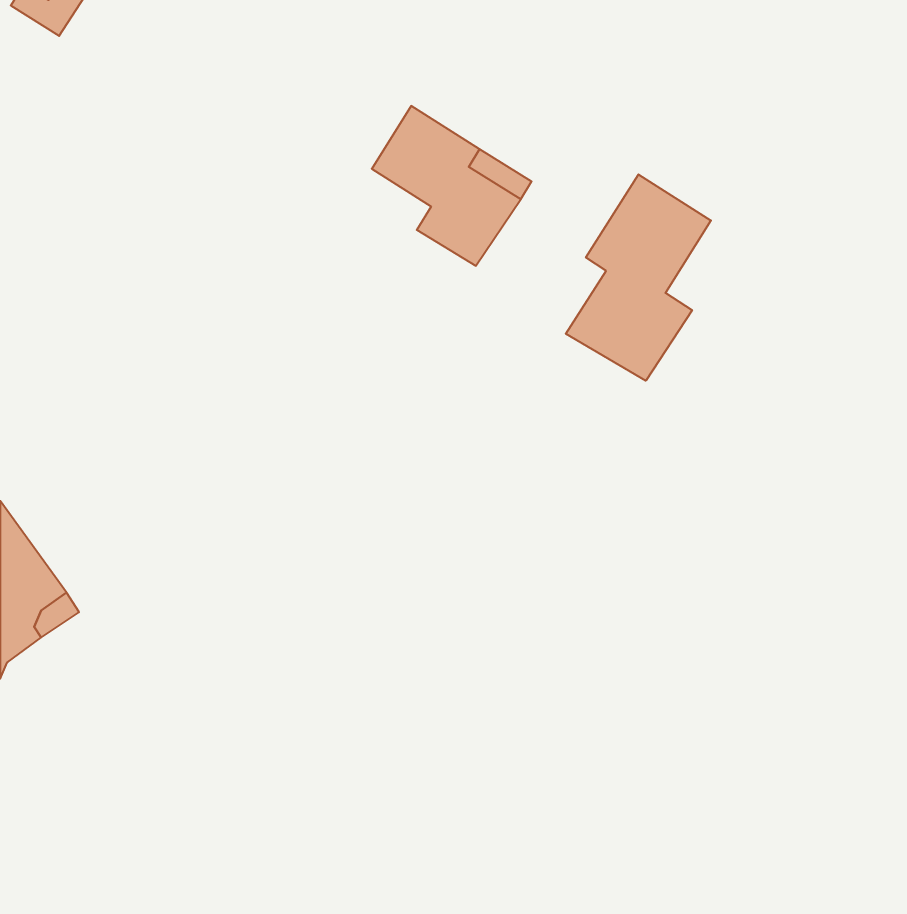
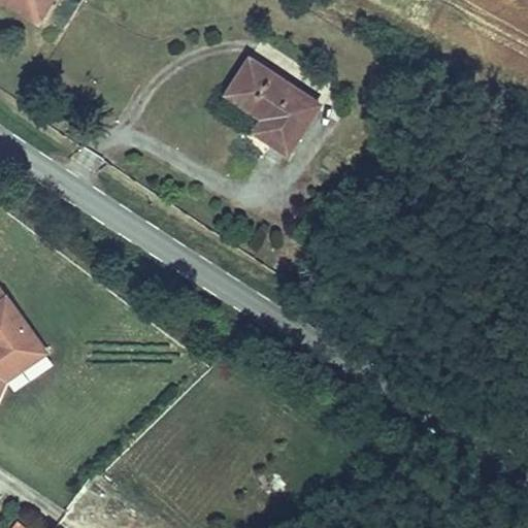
building: [566,174,711,381] -> none

